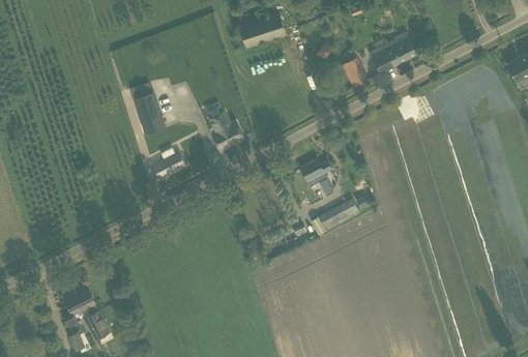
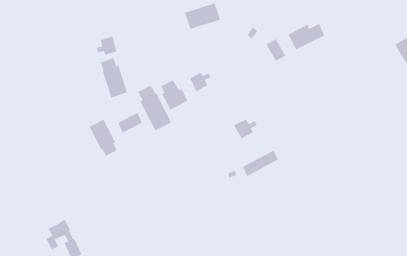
building: none -> [96,35,117,56]
building: none -> [190,72,211,92]
building: none -> [137,85,172,131]
building: none -> [89,119,118,156]

